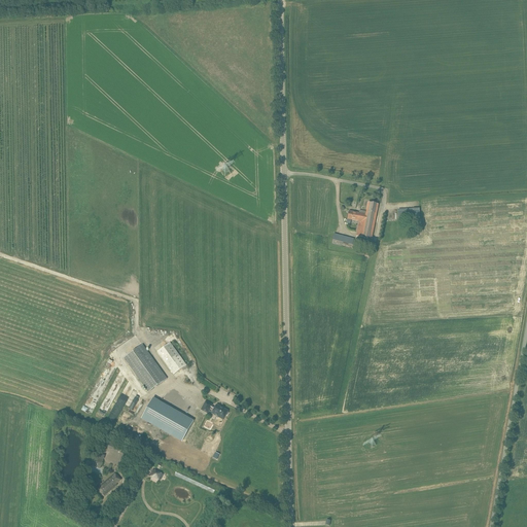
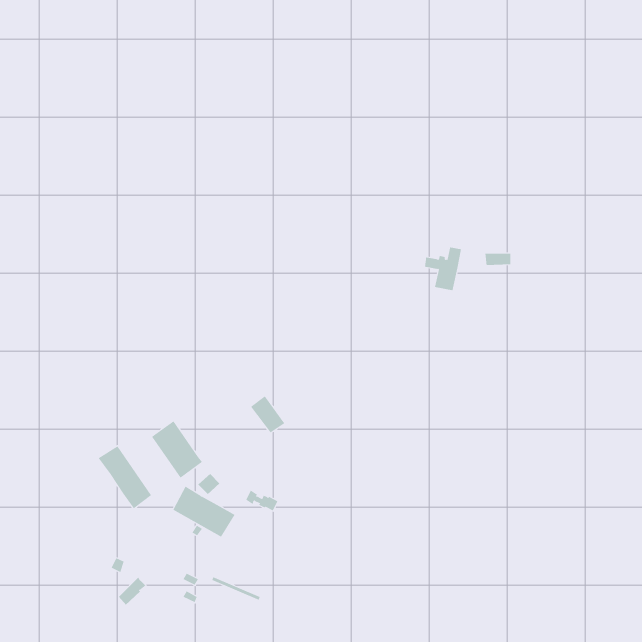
building: [156,342,185,373] -> [250,396,285,433]
building: none -> [98,446,152,509]

